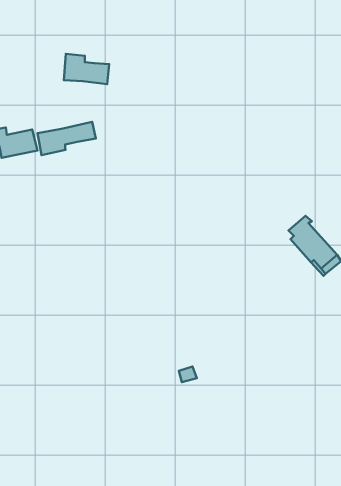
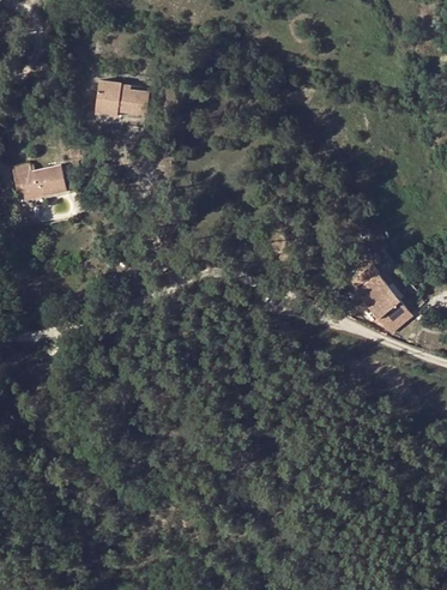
building: [38,122,96,155] -> none

